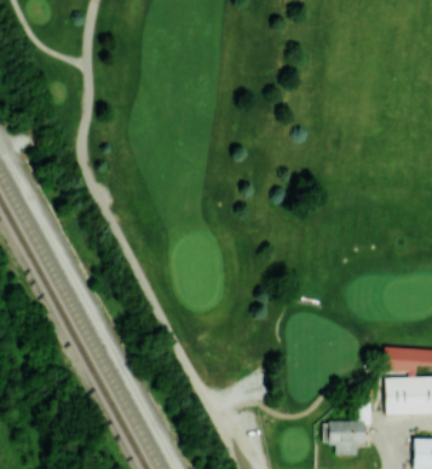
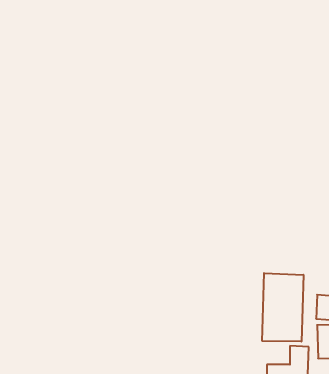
building: none -> [262,273,303,342]

